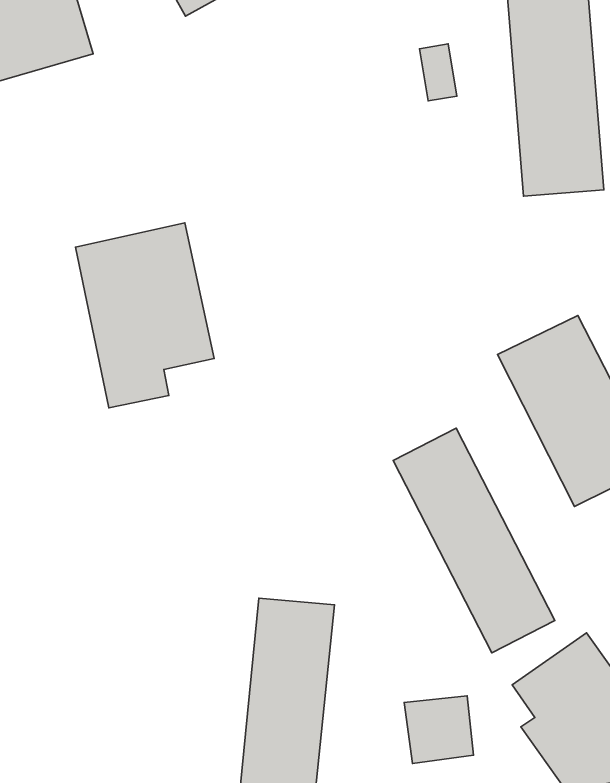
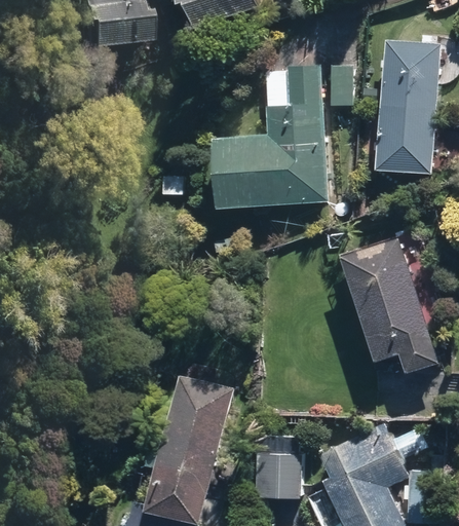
building: none -> [222,68,321,203]
building: [75,223,214,408] -> none
building: [393,428,555,653] -> none

